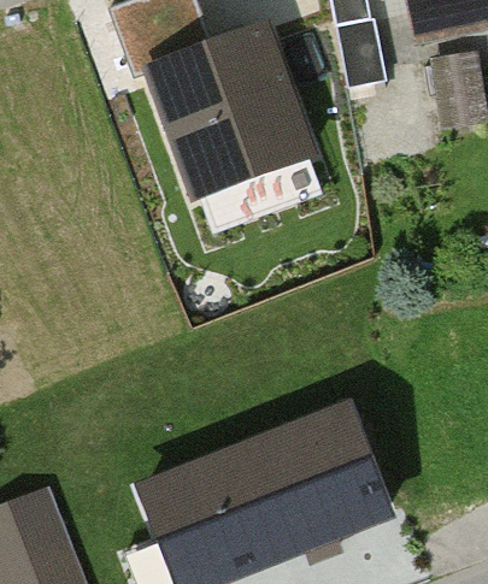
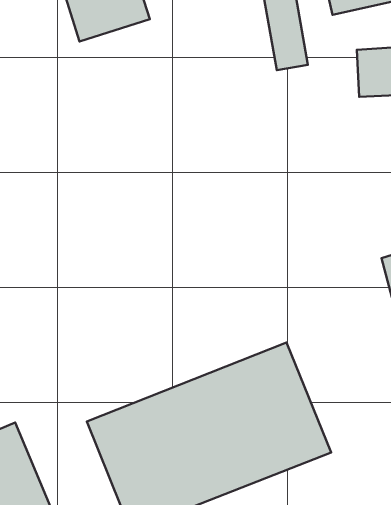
building: [141,23,317,208] -> none

